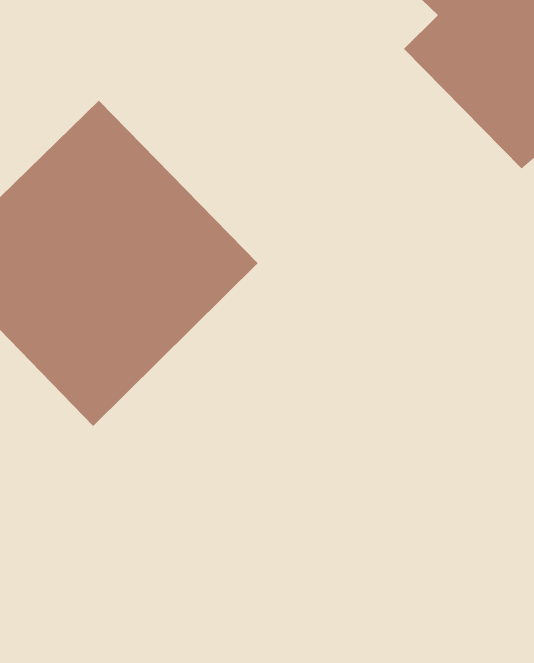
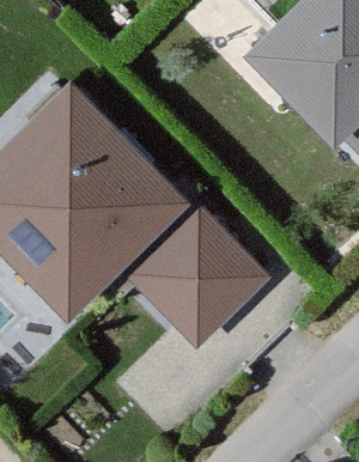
building: none -> [135,211,261,338]

